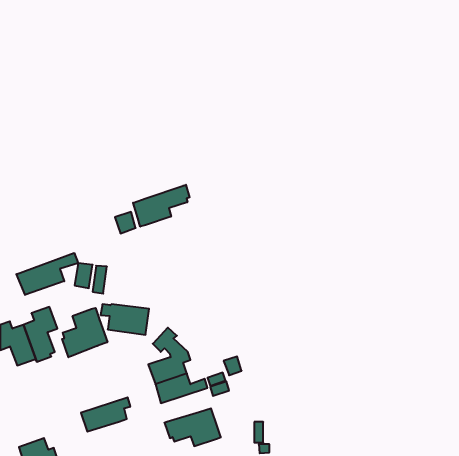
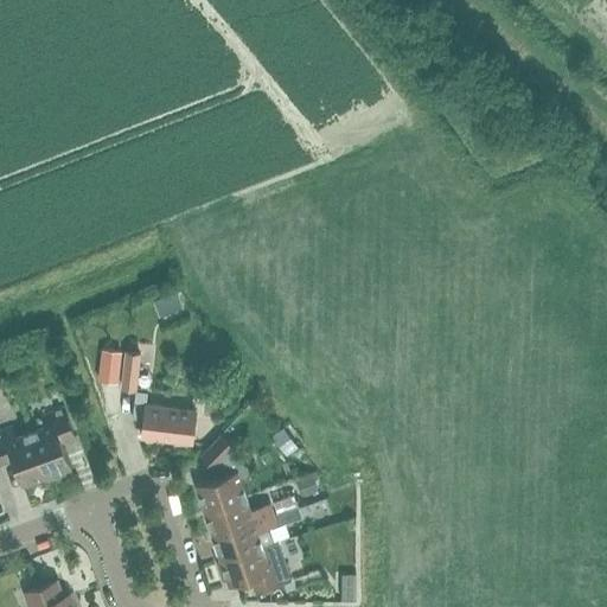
building: [133,185,190,227] -> none
building: [16,253,78,295] -> none
building: [62,308,107,357] -> none
building: [81,397,130,432] -> [212,516,277,561]

